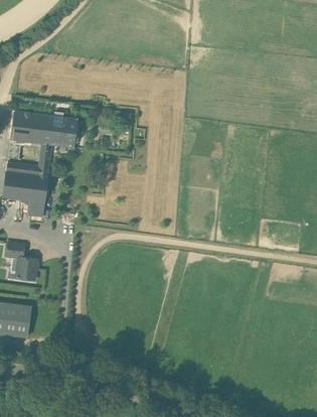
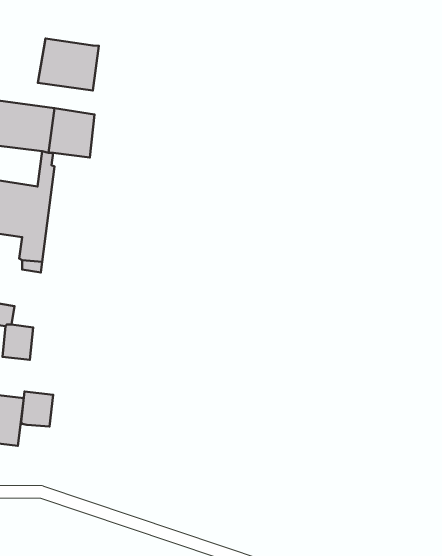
building: none -> [38,39,99,91]
building: none -> [21,392,53,426]

